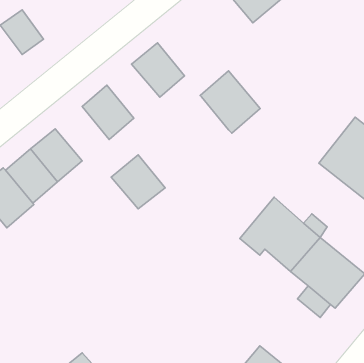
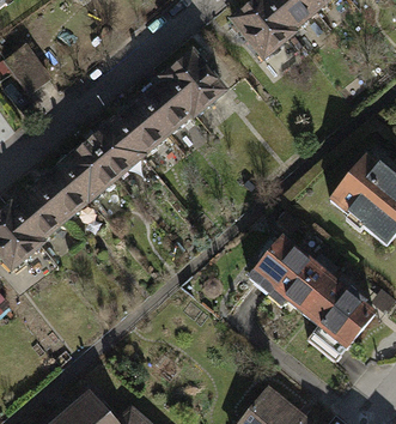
building: none -> [114,99,167,155]
building: [200,71,260,133] -> [164,52,225,115]
building: [111,155,165,209] -> [61,143,116,198]

